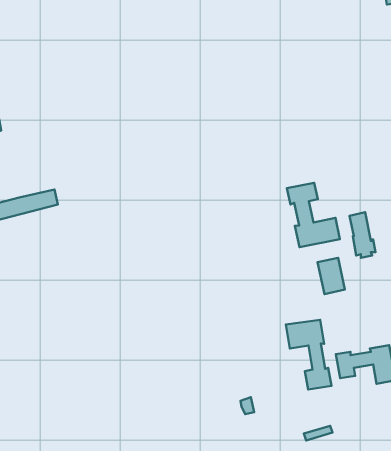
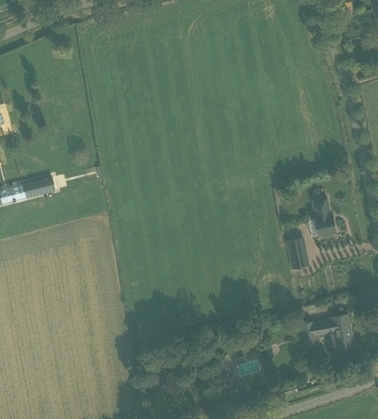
building: [287,183,340,247] -> none
building: [286,320,332,389] -> none

